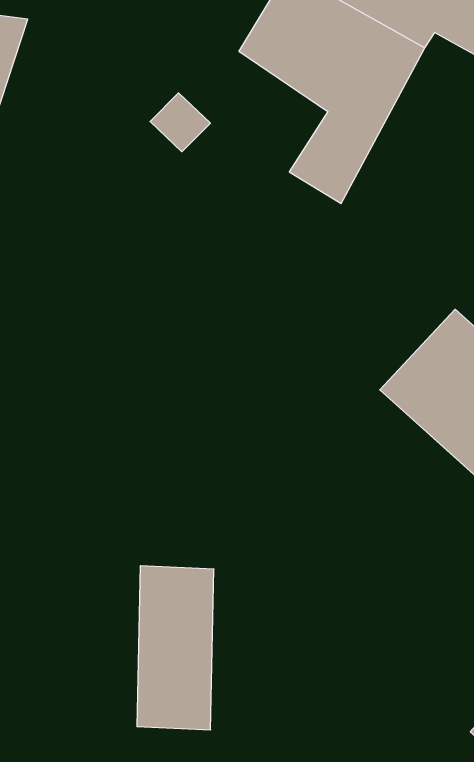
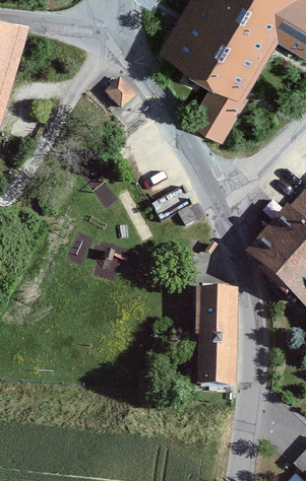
building: [137,566,214,730] -> [191,288,238,388]

